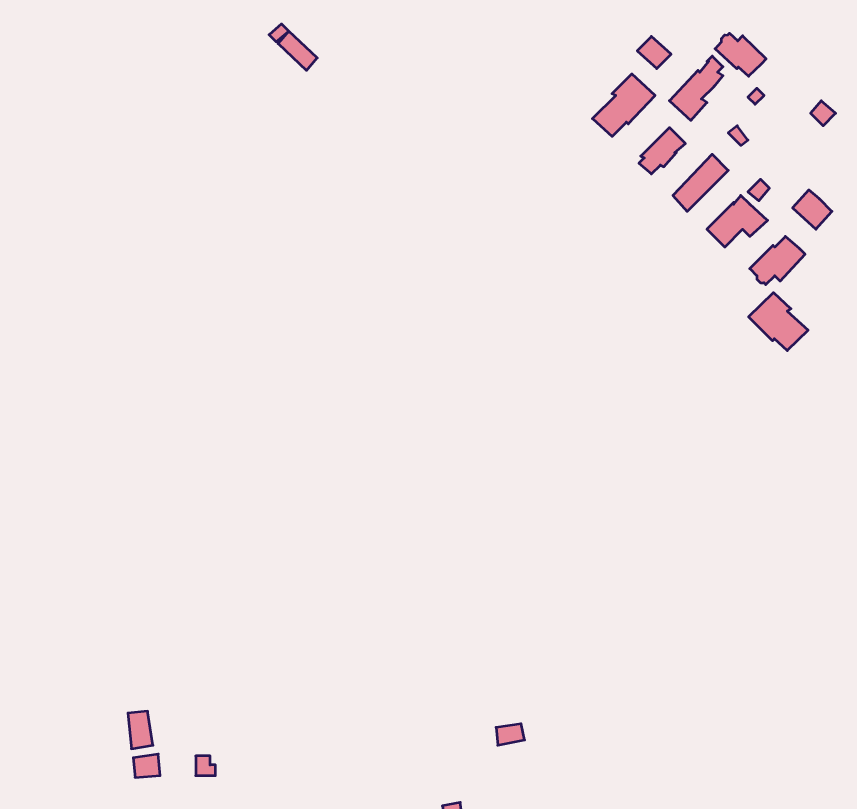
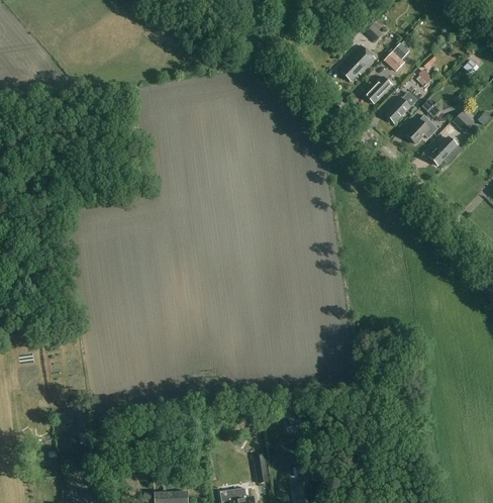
building: [715,33,766,76] -> none
building: [749,293,808,351] -> none

